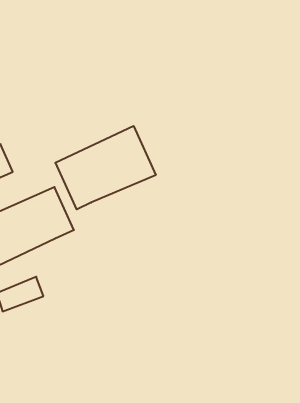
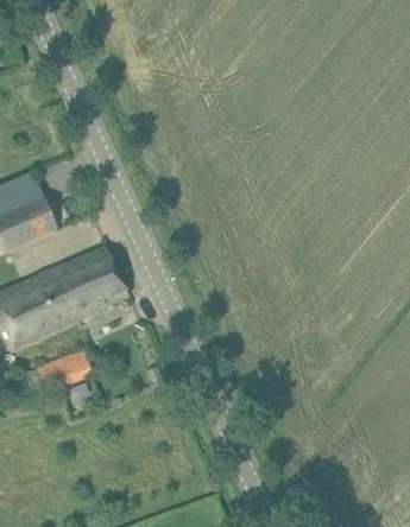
building: [55,126,156,209] -> none

